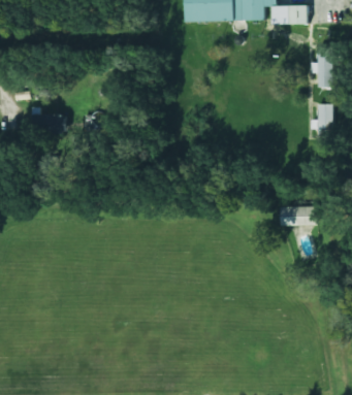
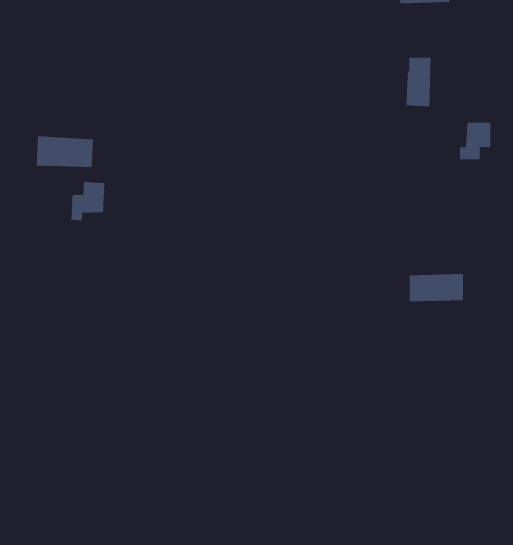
building: [316,54,333,88] -> [406,57,432,107]
building: none -> [71,181,105,221]

